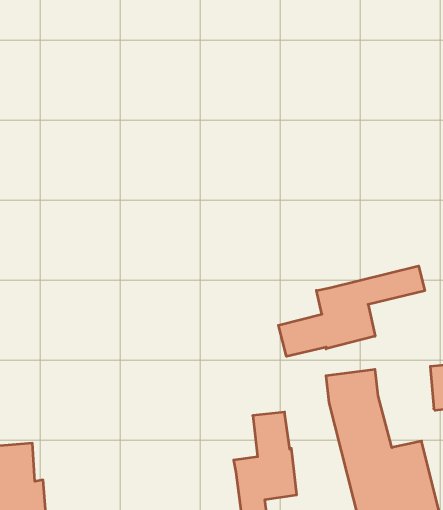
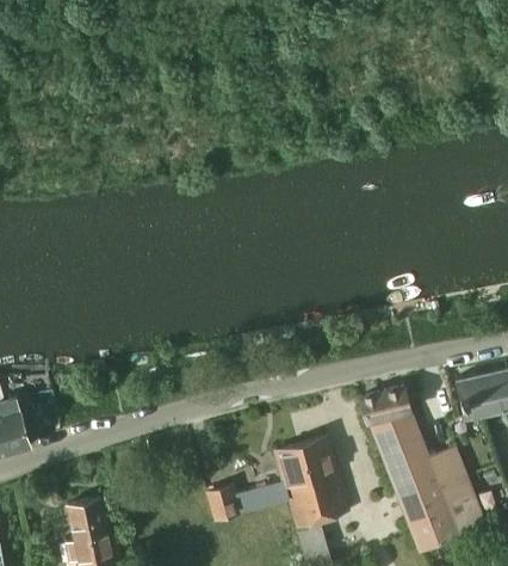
building: [278,266,425,356] -> none
building: none -> [206,445,309,522]

